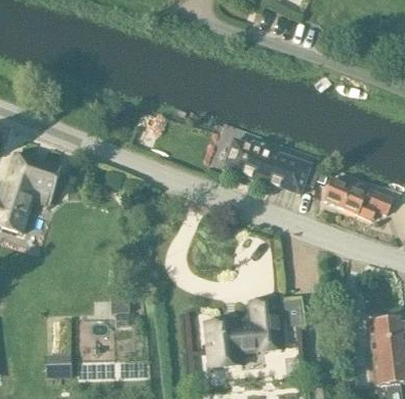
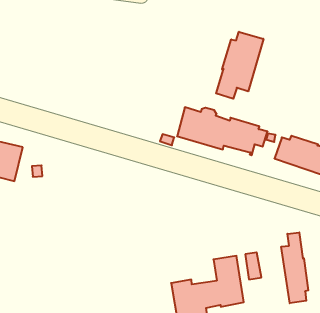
building: none -> [216,32,263,99]
building: none -> [281,232,308,303]

